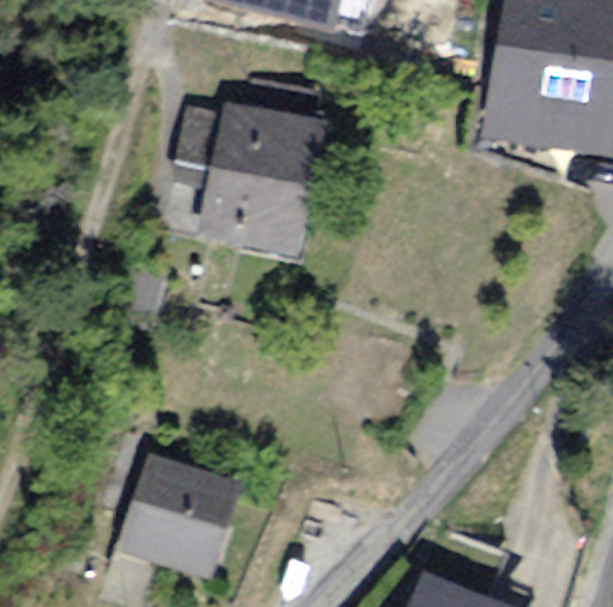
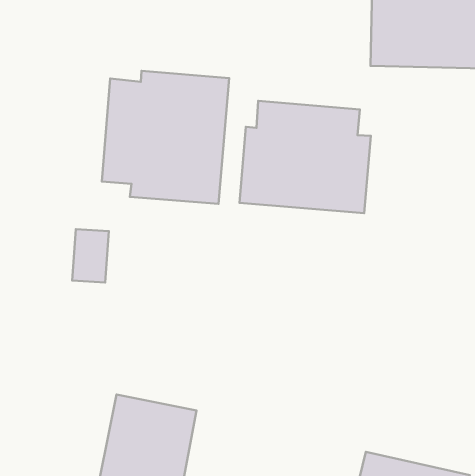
building: none -> [239,101,371,213]

